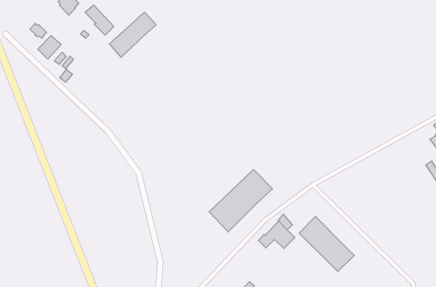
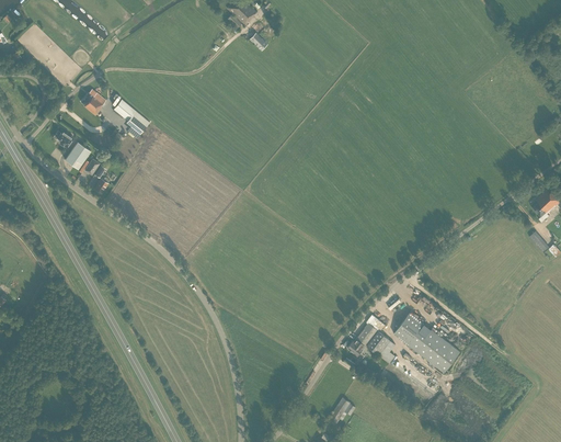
building: [109,12,156,57] -> none
building: [209,170,272,232] -> none

